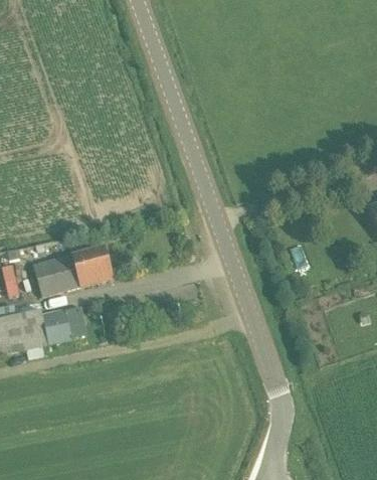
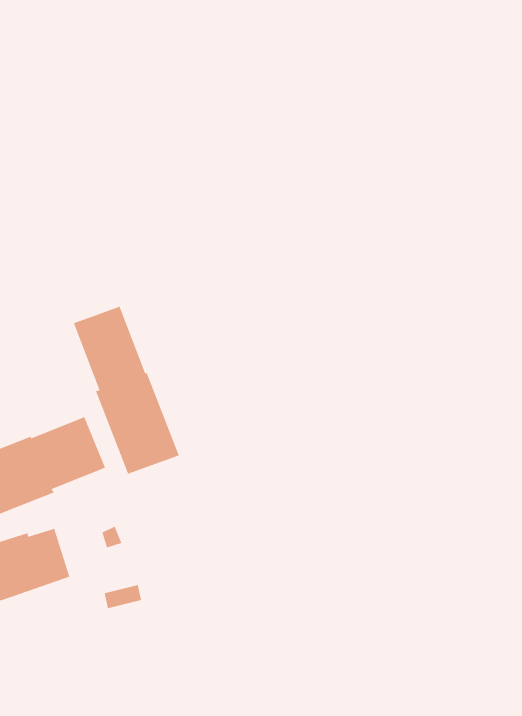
building: none -> [73,306,180,474]

